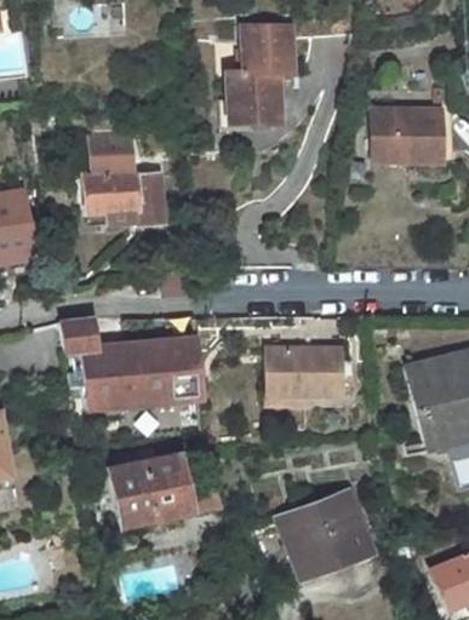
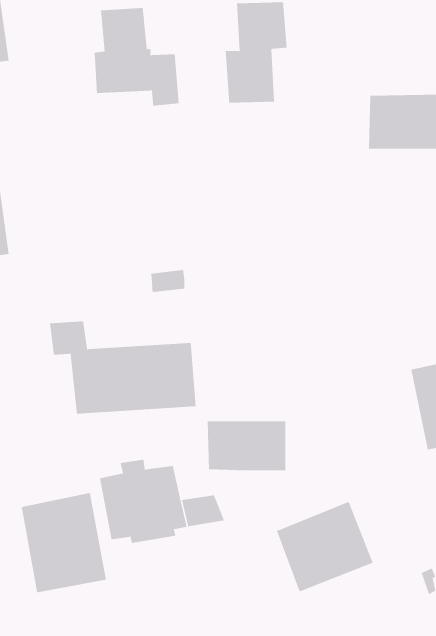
building: [84,128,165,222] -> [94,8,179,106]
building: [269,349,344,396] -> [207,421,286,471]
building: none -> [21,492,107,593]

